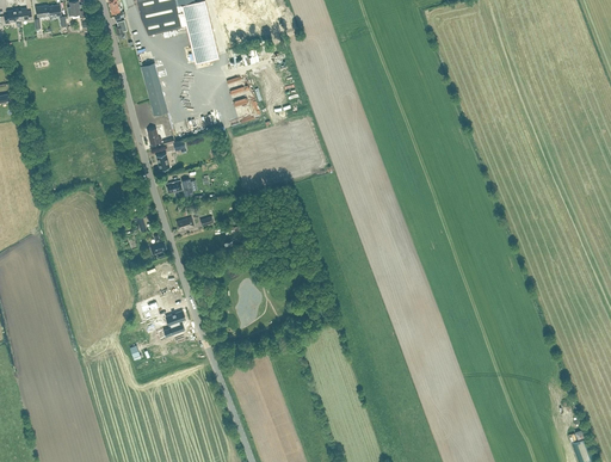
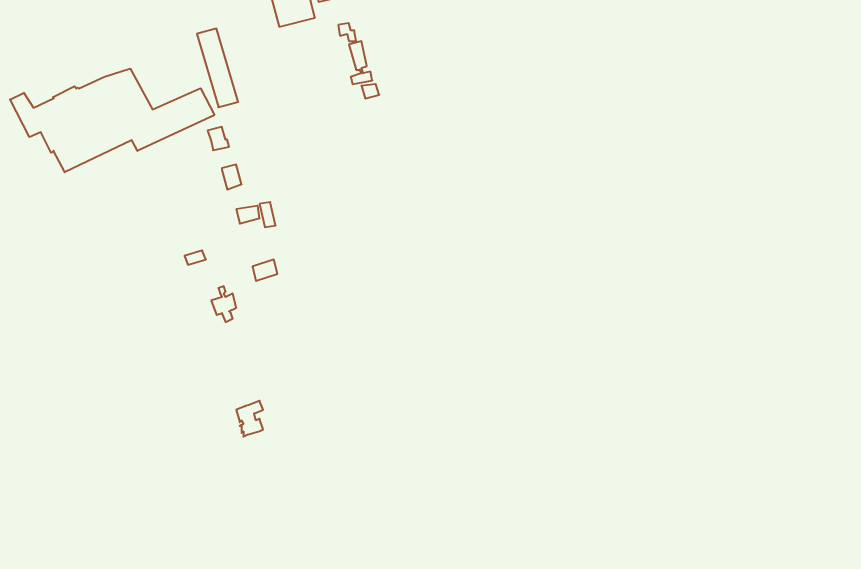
building: none -> [10,69,214,172]

